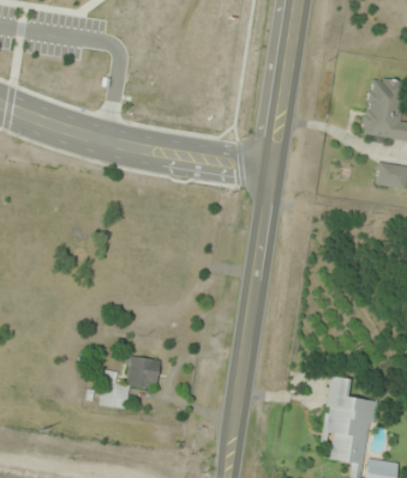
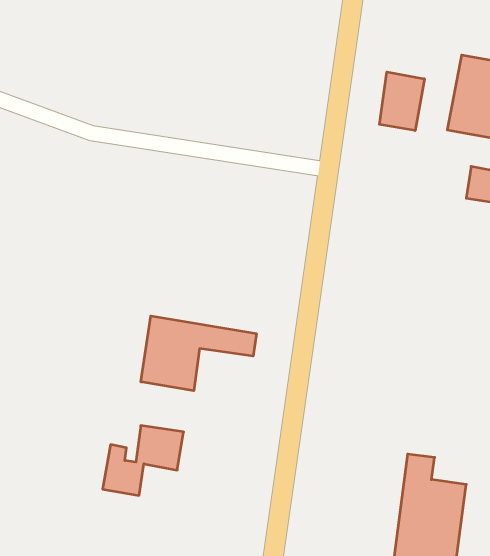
building: none -> [379,72,424,131]
building: none -> [141,316,256,391]

